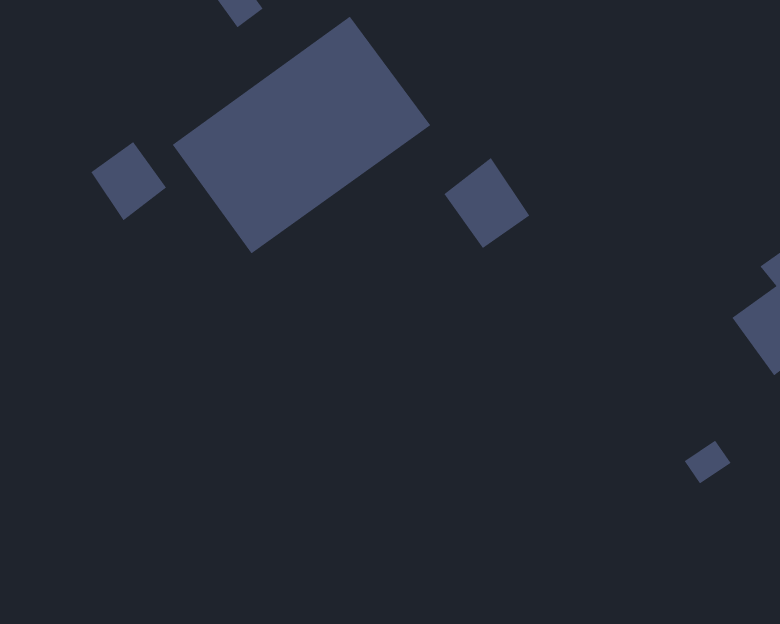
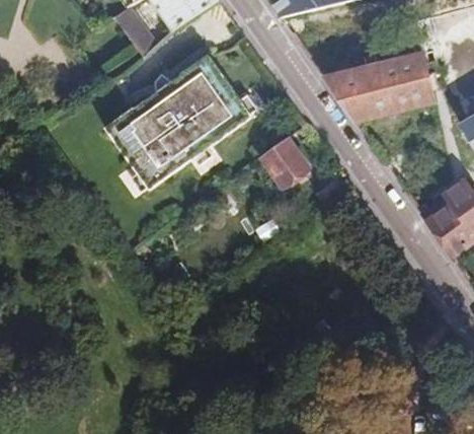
building: none -> [322,50,437,121]
building: [91,141,167,221] -> none

